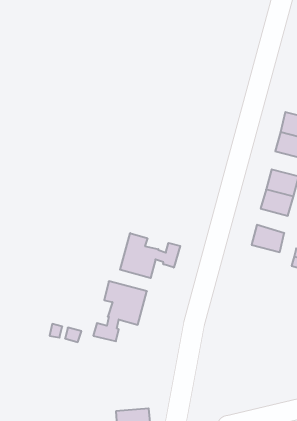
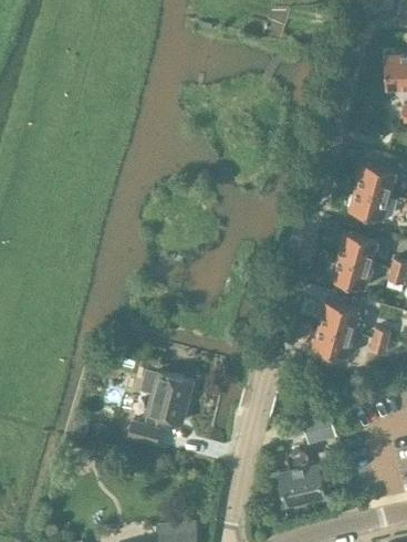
building: [120,233,180,278] -> none
building: none -> [314,325,355,358]
building: none -> [303,414,334,445]
building: none -> [280,452,324,505]

